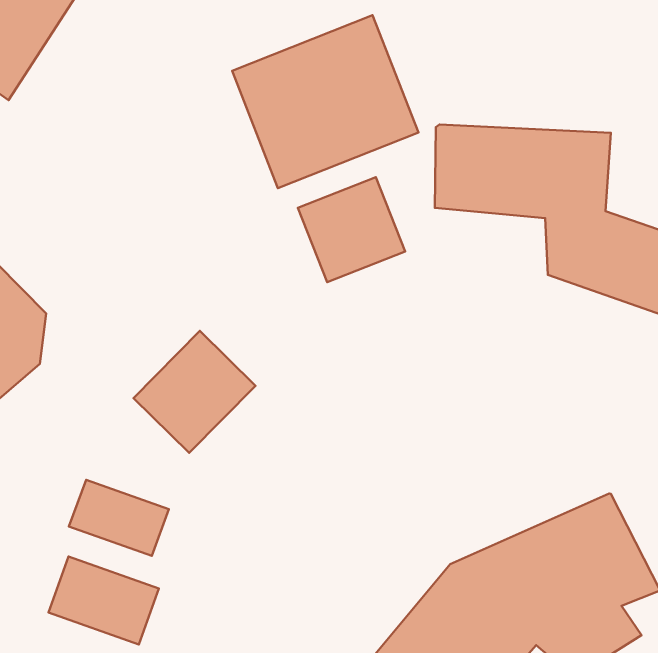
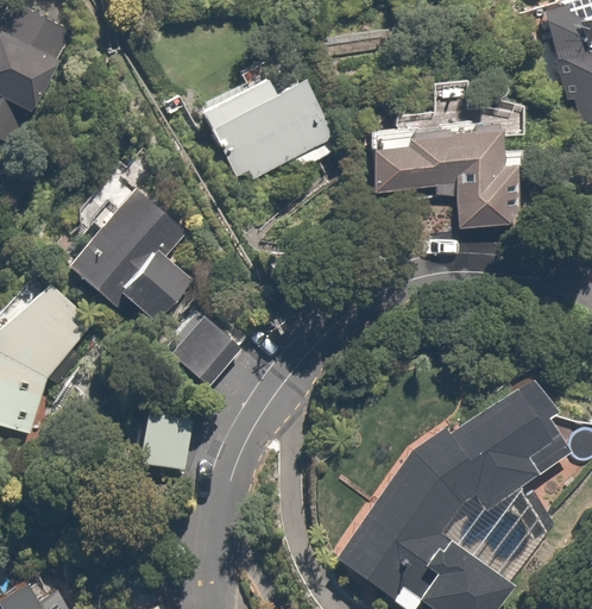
building: none -> [53,178,193,318]
building: [298,177,405,282] -> none
building: [49,557,159,644] -> none

